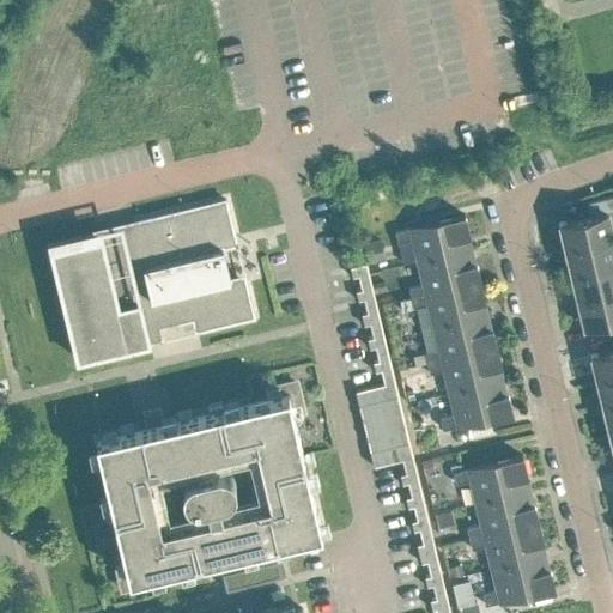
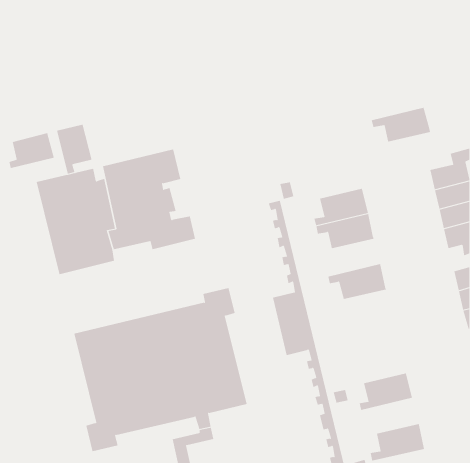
building: none -> [56,124,92,174]
building: none -> [9,132,54,169]
building: [394,221,472,267] -> [371,107,431,142]
building: [424,320,496,369] -> none
building: [439,386,511,435] -> none
building: [453,461,529,508] -> none
building: [469,527,546,573] -> none

